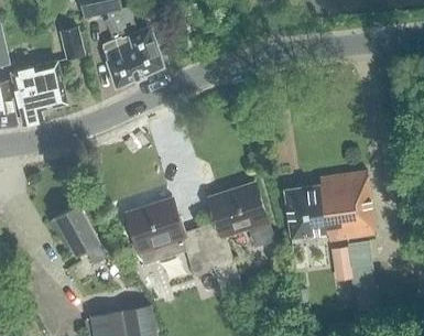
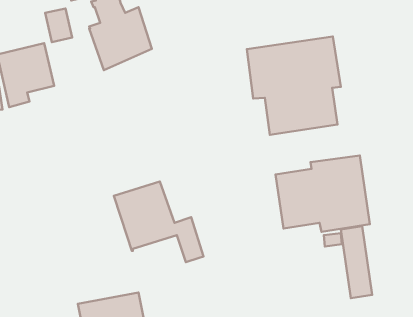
building: none -> [247,36,341,135]
building: [202,181,273,294] -> none
building: [50,204,107,263] -> none

